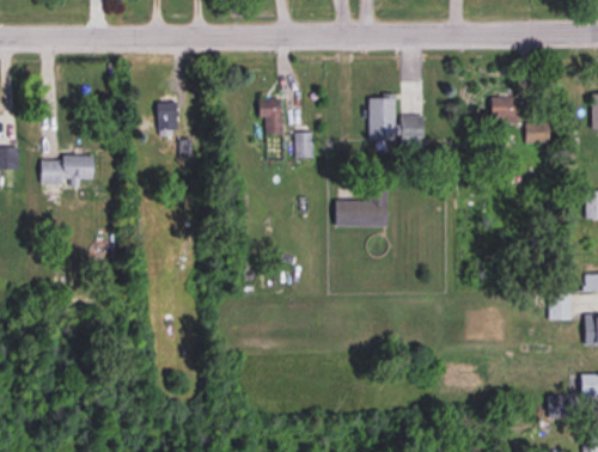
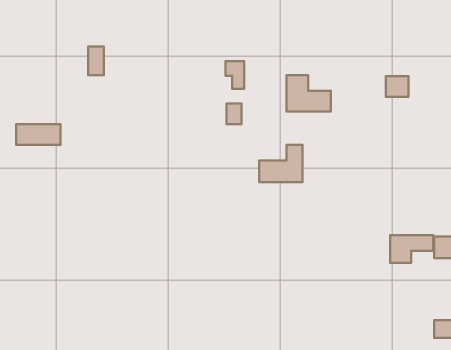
building: [159,98,178,133] -> [88,47,104,75]
building: [258,98,281,132] -> [225,61,244,89]
building: [526,122,550,143] -> none
building: none -> [390,235,433,263]

